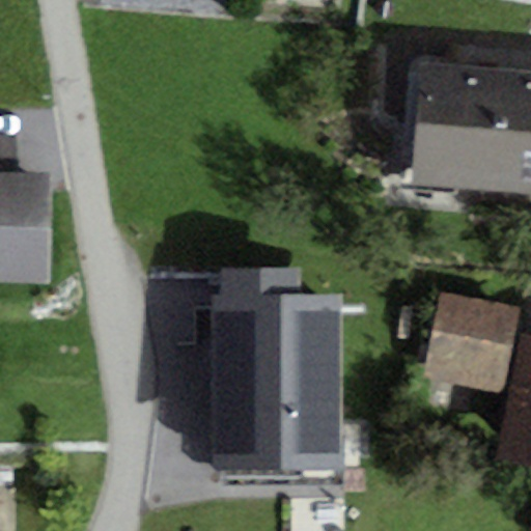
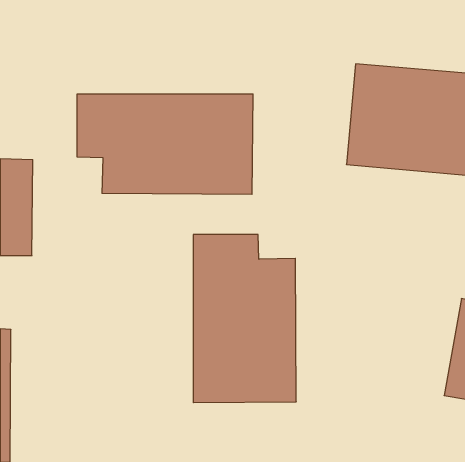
building: none -> [77,94,253,194]
building: [432,291,514,378] -> none

